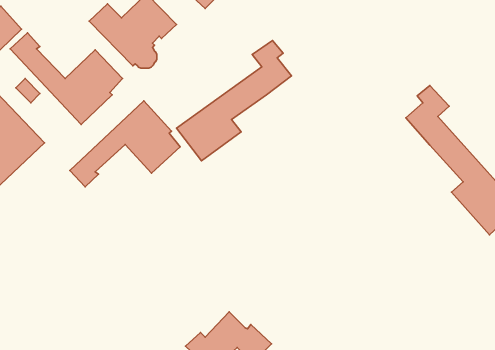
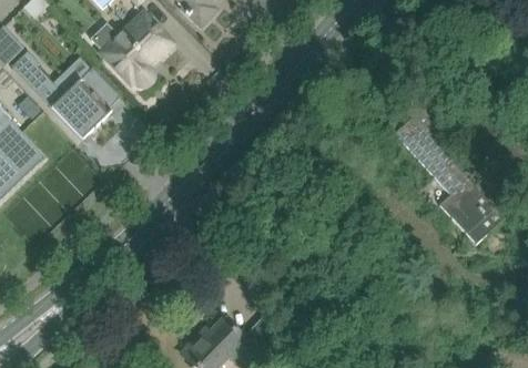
building: [177,41,292,161] -> none
building: [70,101,180,187] -> none

